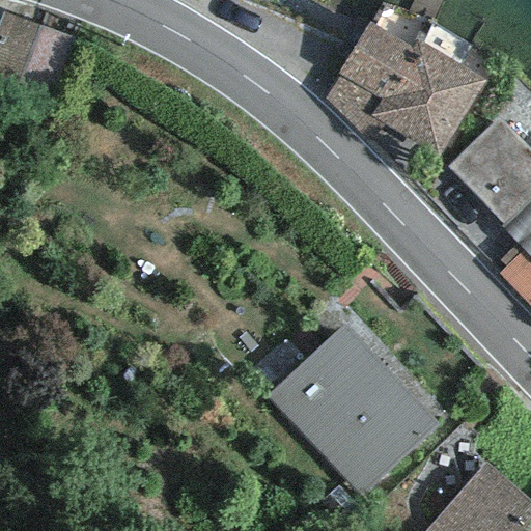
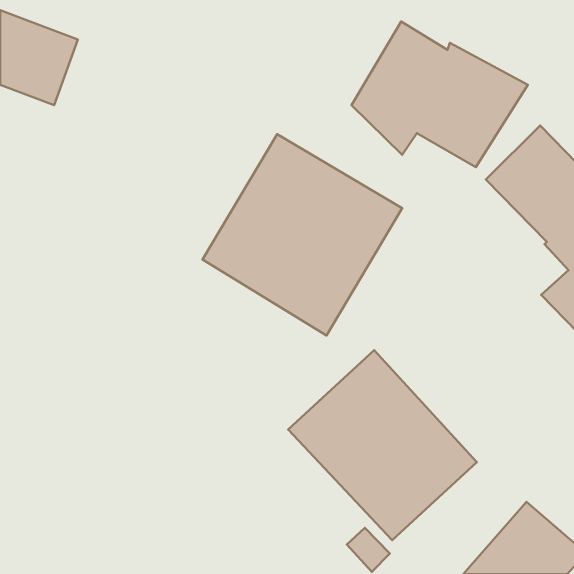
building: none -> [203,134,402,335]

